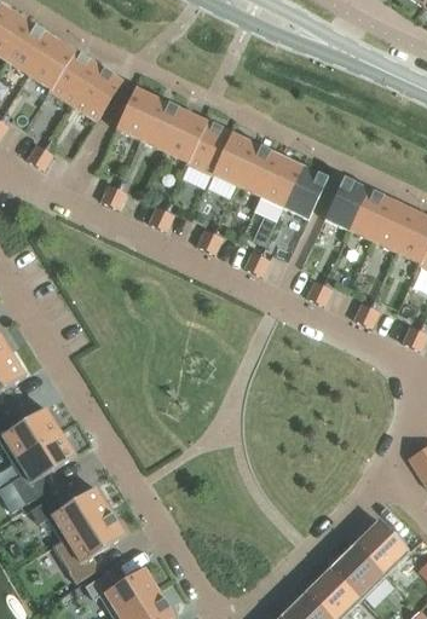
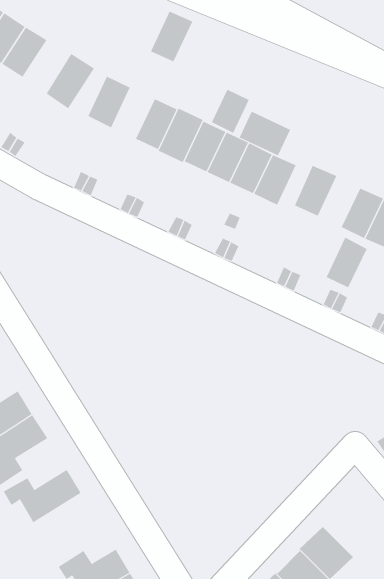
building: [50,50,99,105] -> none
building: [140,99,184,151] -> [150,11,193,62]
building: none -> [211,89,250,135]
building: none -> [239,111,291,156]
building: [350,189,392,241] -> [326,237,368,288]
building: [53,510,126,583] -> none
building: [354,520,411,575] -> none

